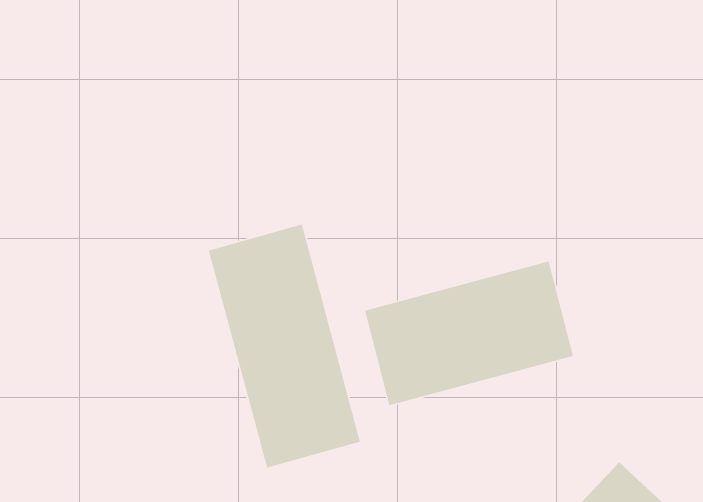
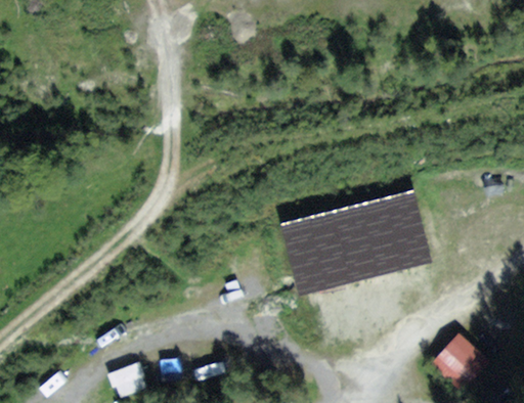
building: [208,224,361,469] -> none

